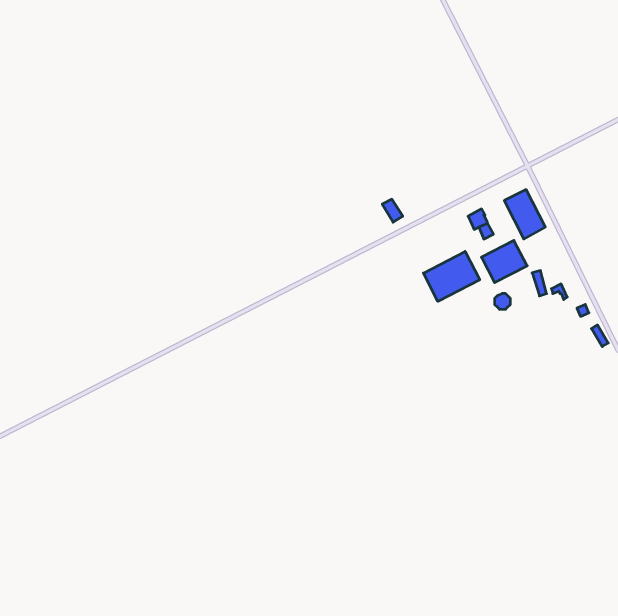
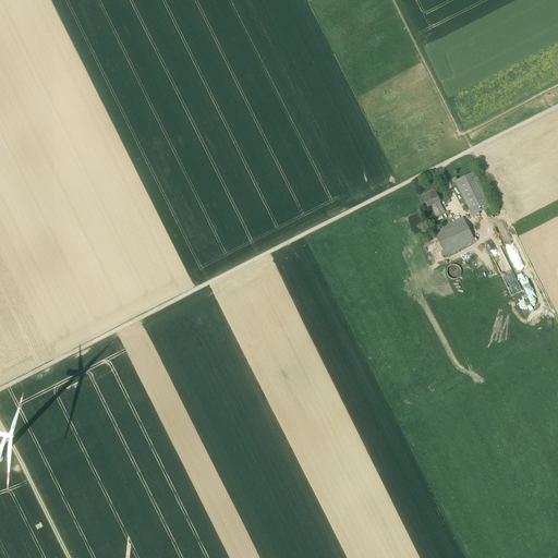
building: [423,251,480,301] -> none

